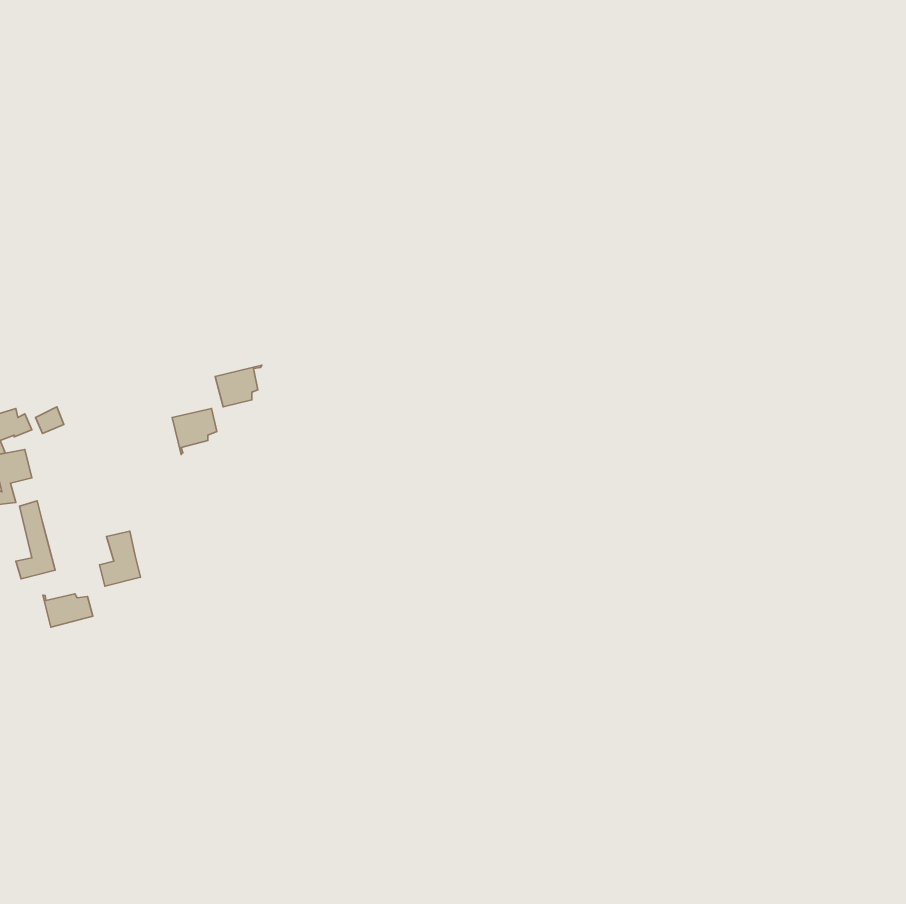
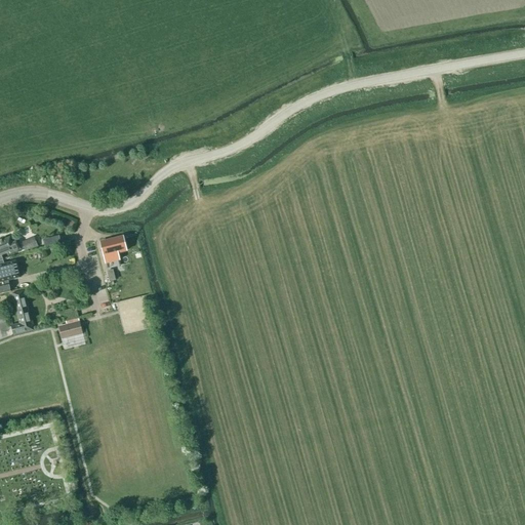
building: [215,365,262,407] -> none
building: [43,594,93,627] -> none

